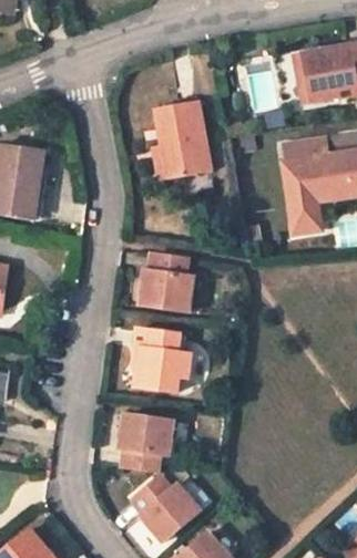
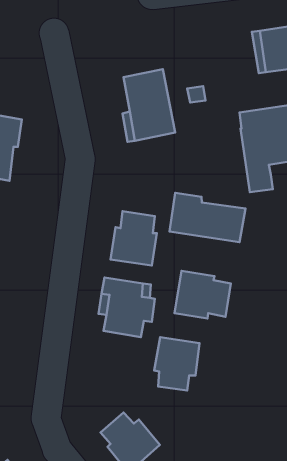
building: none -> [169,193,245,242]
building: none -> [174,271,231,319]
building: [122,413,172,472] -> [154,337,199,391]

